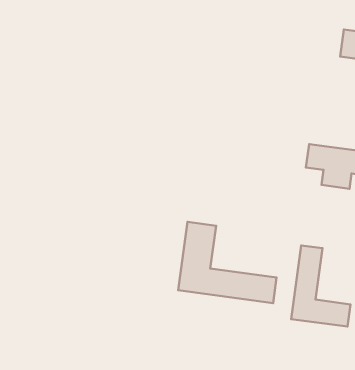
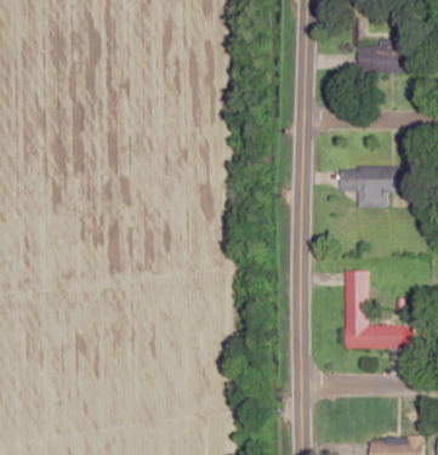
building: [178,222,277,303] -> none

